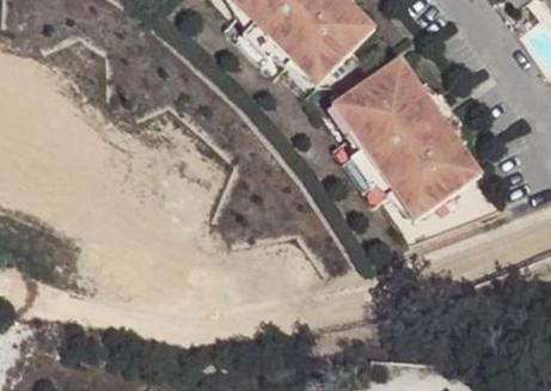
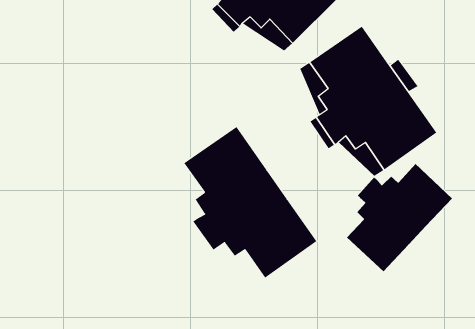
building: none -> [183,126,317,279]
building: none -> [346,163,453,272]

